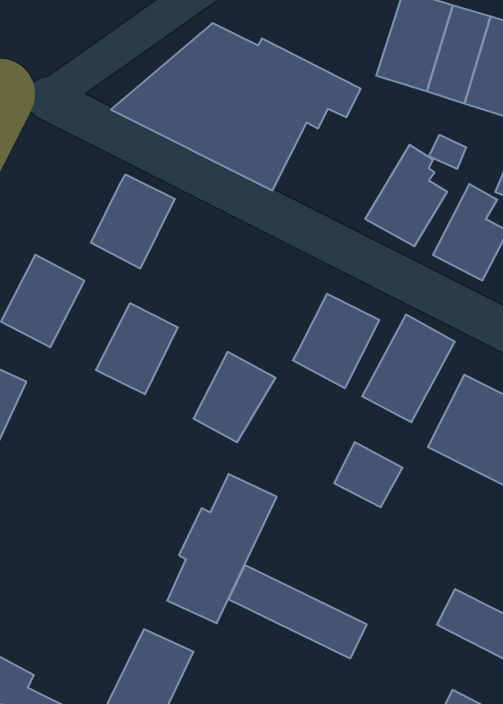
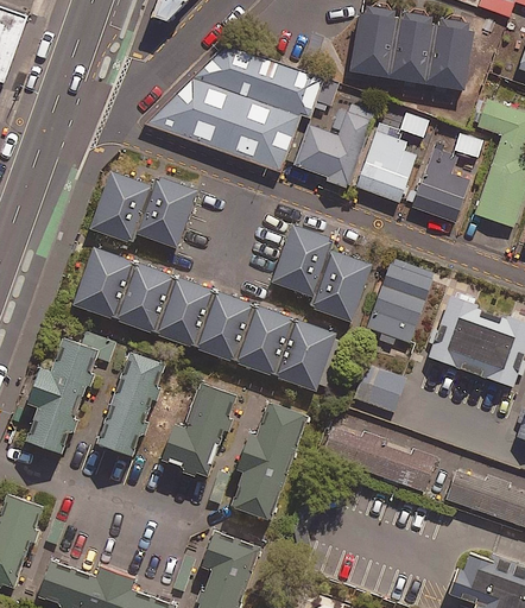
building: none -> [289,99,373,188]
building: none -> [93,170,154,243]
building: none -> [273,226,333,296]
building: none -> [116,264,175,332]
building: none -> [196,291,257,361]
building: none -> [273,321,337,391]
building: none -> [99,349,167,456]
building: none -> [162,379,240,477]
building: [228,565,367,658] -> [323,428,435,490]

